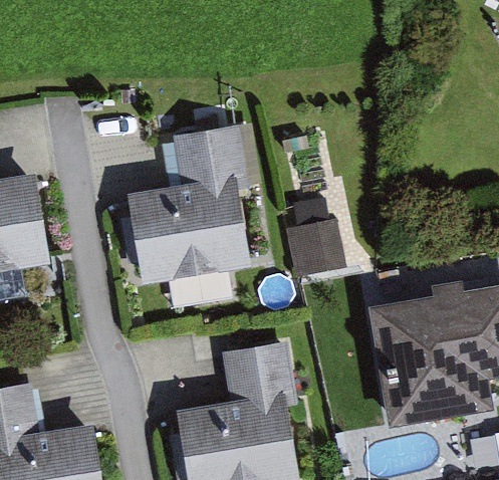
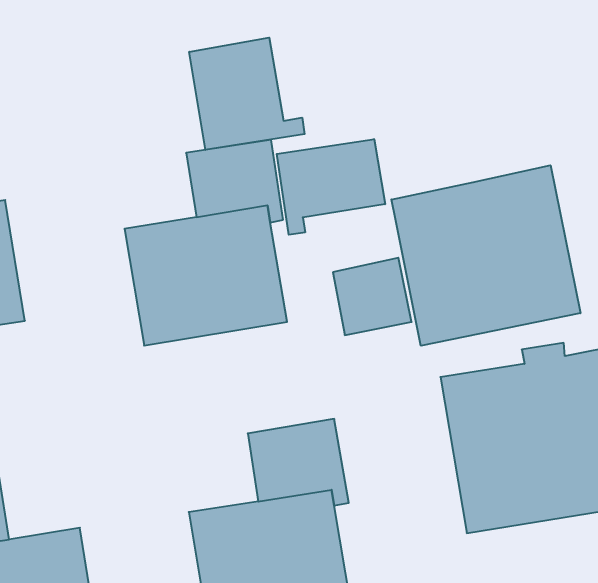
building: none -> [189,38,305,150]
building: none -> [277,139,385,235]
building: none -> [391,165,580,346]

